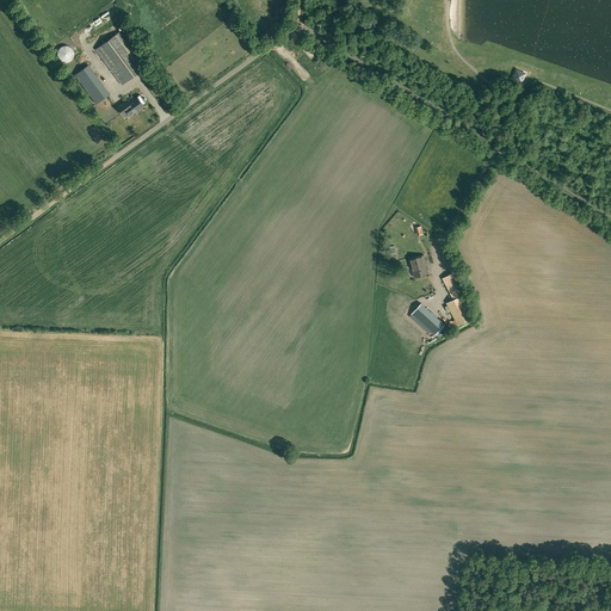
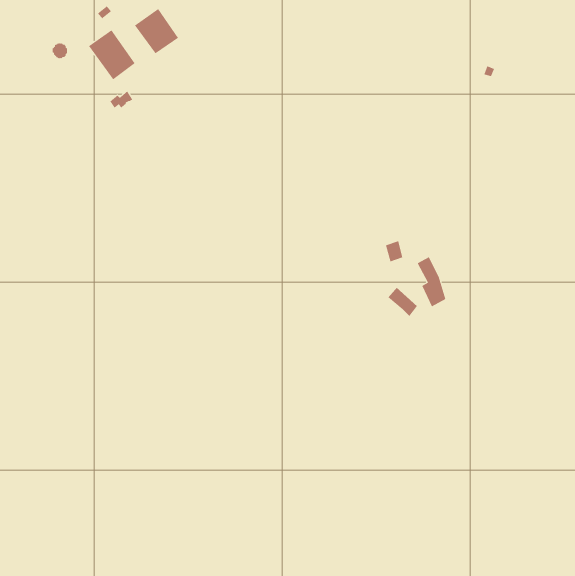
building: none -> [134,8,179,54]
building: [73,66,107,105] -> none

